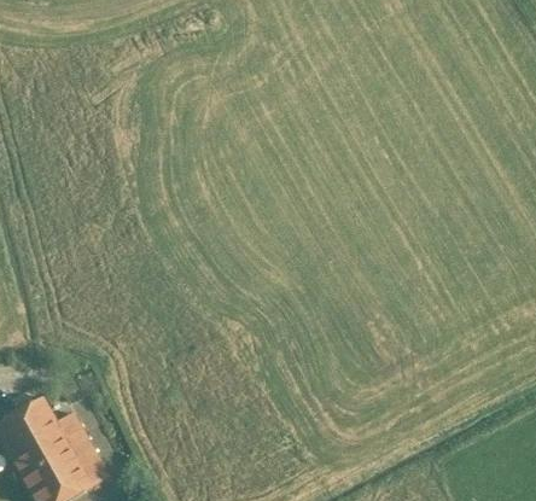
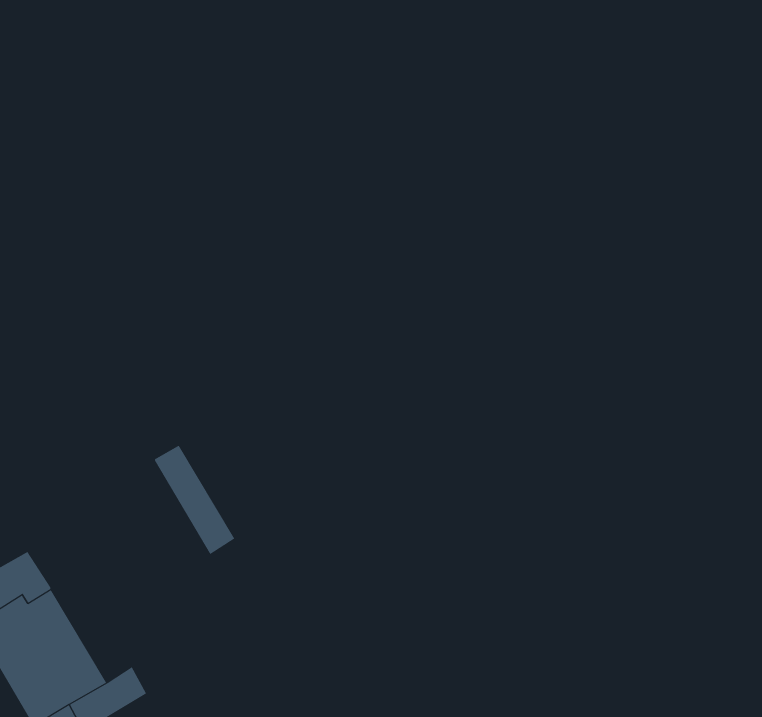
building: [47,400,101,473] -> [154,445,235,555]

